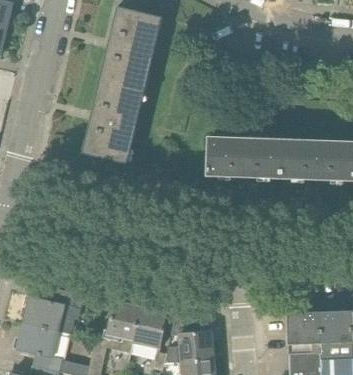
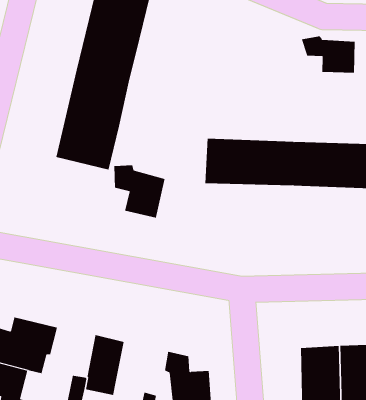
building: none -> [301,35,355,74]
building: none -> [114,165,165,219]
building: [133,308,164,349] -> none

